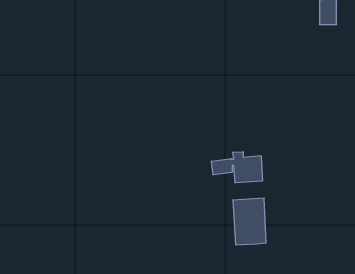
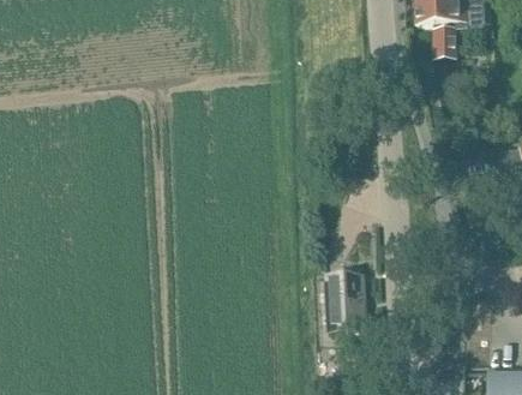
building: [211,152,263,183] -> none

